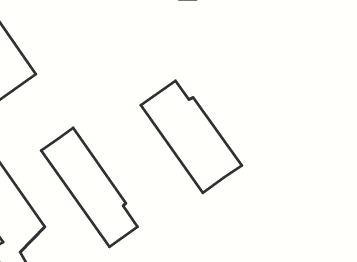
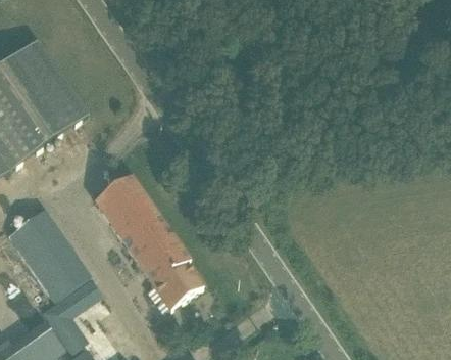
building: [141,81,242,193] -> none

